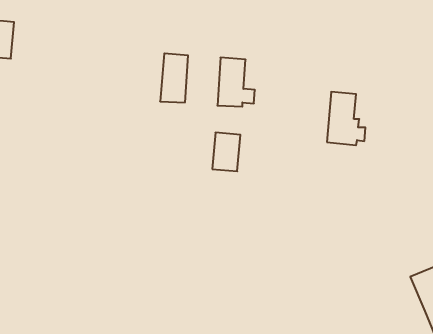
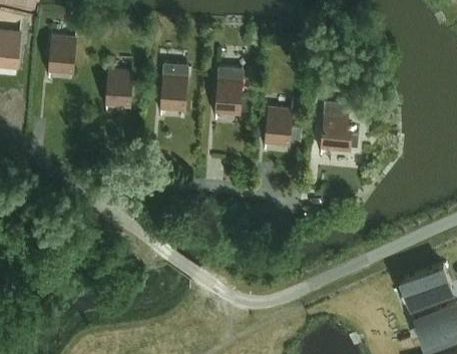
building: none -> [48,37,76,75]
building: none -> [106,71,132,108]
building: [212,133,240,171] -> [265,109,292,146]

